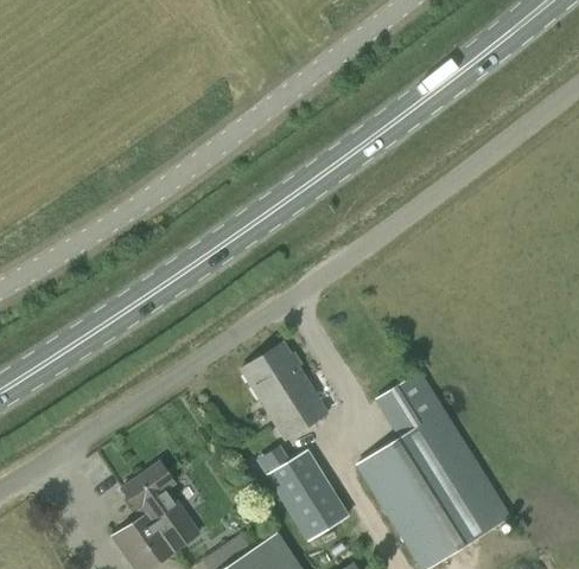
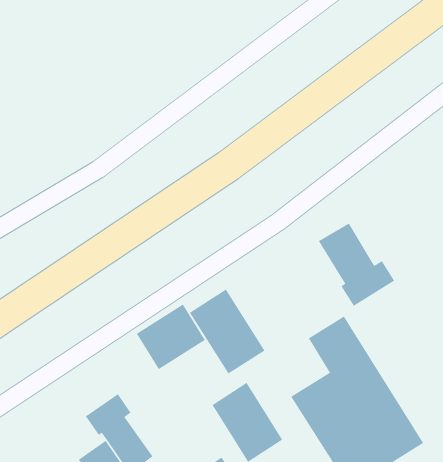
building: none -> [318,222,395,307]
building: none -> [136,304,206,370]

